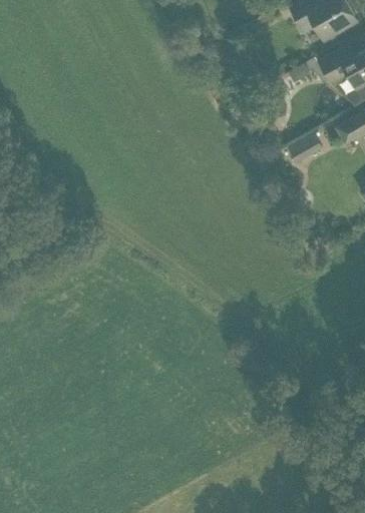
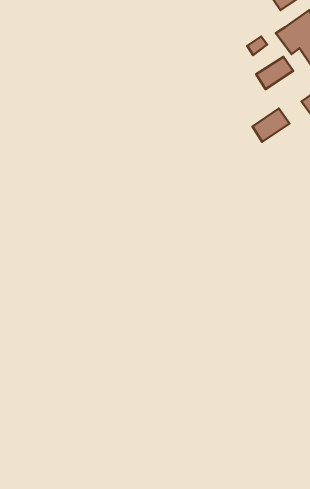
building: none -> [256,57,293,89]

